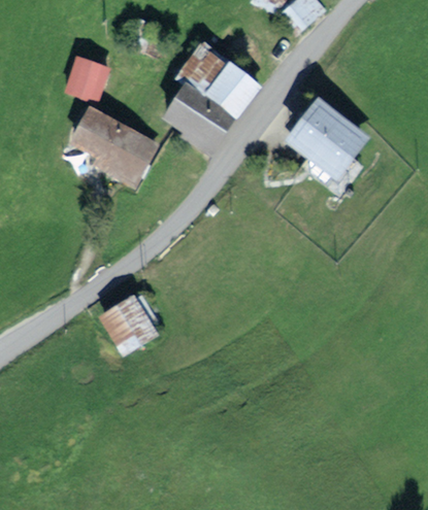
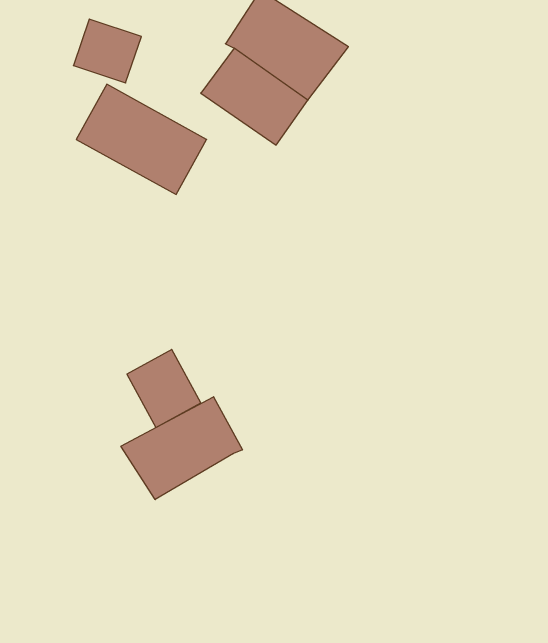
building: [281,91,367,173] -> none
building: none -> [121,397,242,500]

